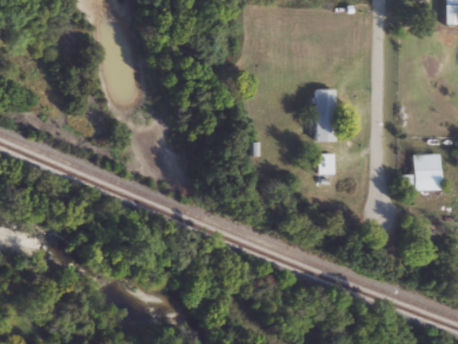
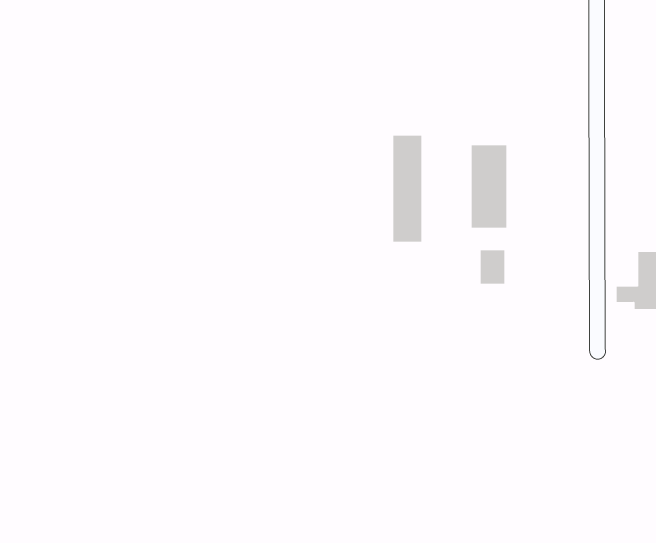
building: none -> [393,135,422,243]

